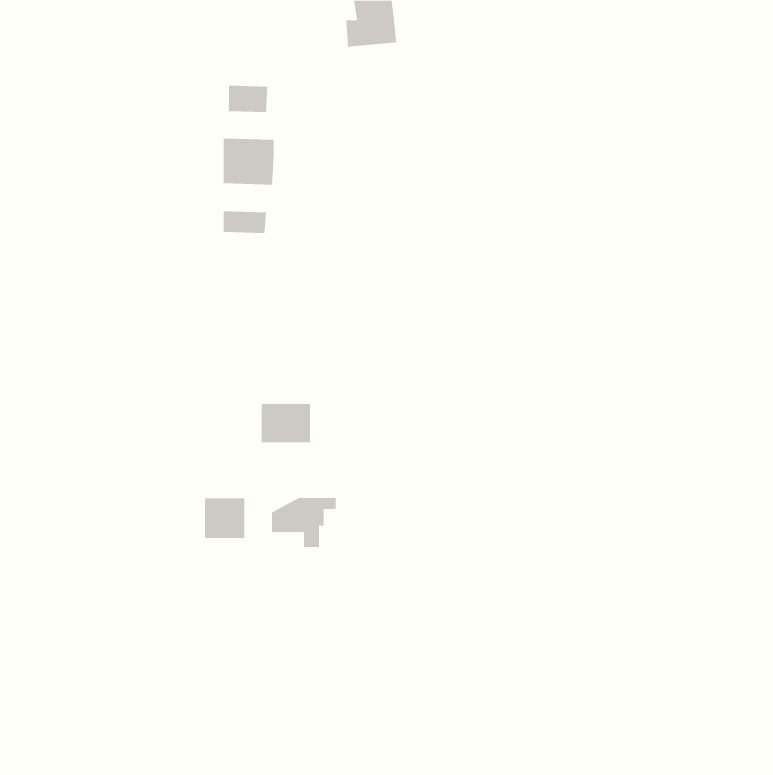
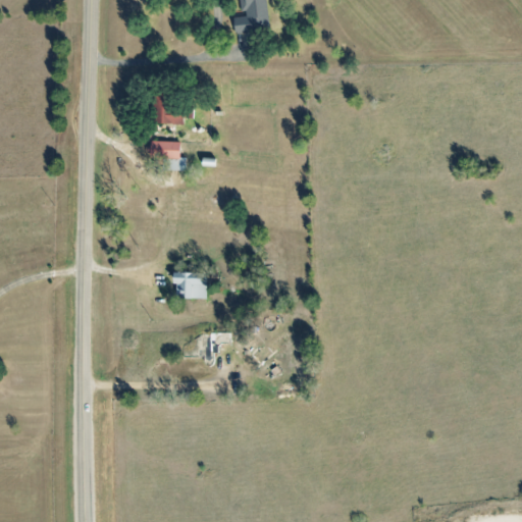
building: [228,85,268,113] -> none
building: [204,498,245,539] -> none

